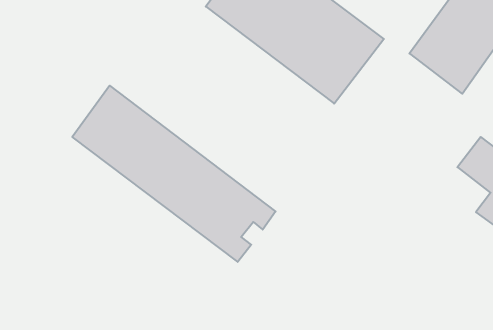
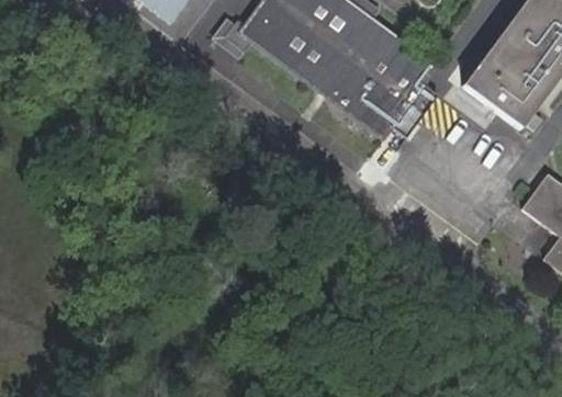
building: [72,86,276,262] -> none

